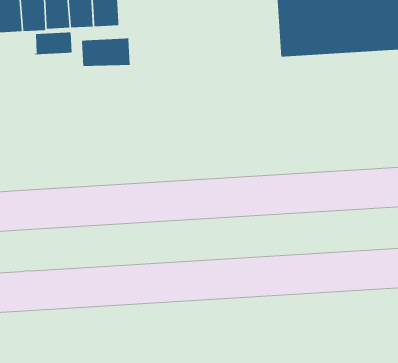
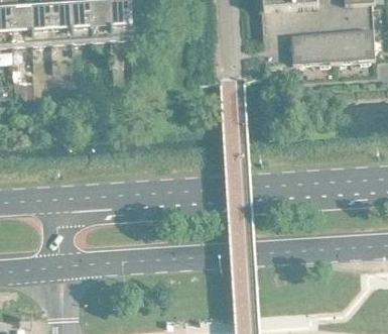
building: [34,31,74,55] -> none
building: [79,38,133,67] -> none

